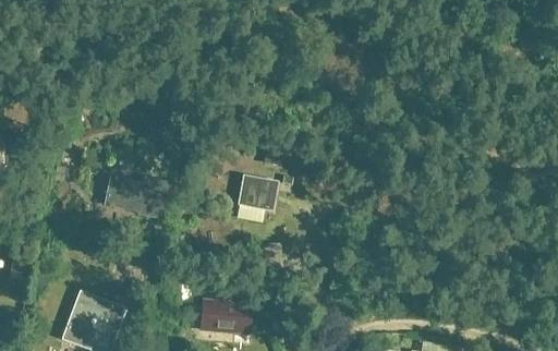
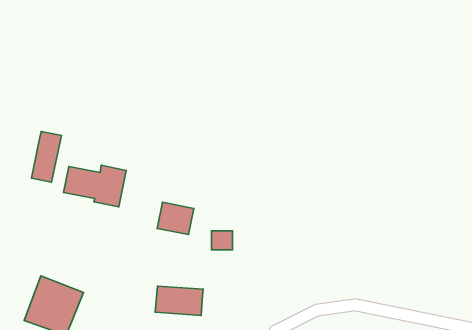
building: none -> [31,131,61,182]
building: [238,178,276,211] -> [157,202,194,235]

